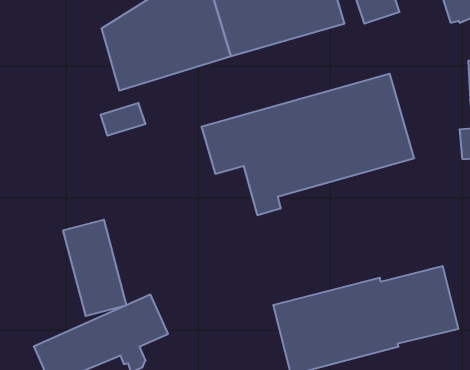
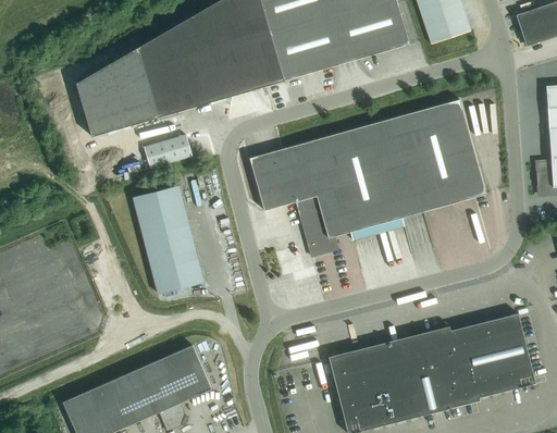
building: none -> [81,49,159,137]
building: [63,220,127,316] -> [134,186,205,293]

